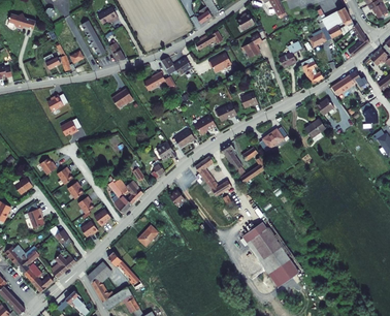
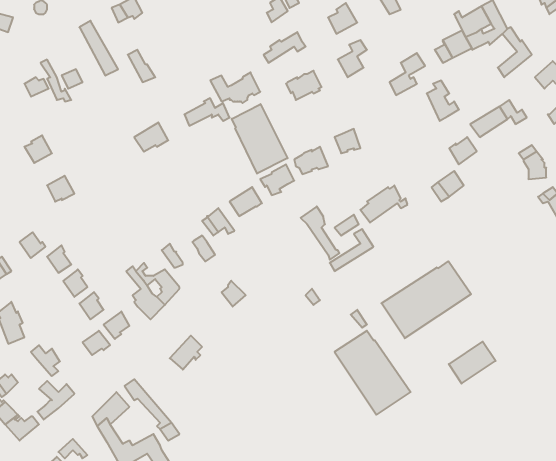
building: none -> [232,104,288,174]
building: [197,156,232,196] -> none
building: none -> [381,261,471,338]
building: [269,260,299,287] -> [449,342,496,384]

